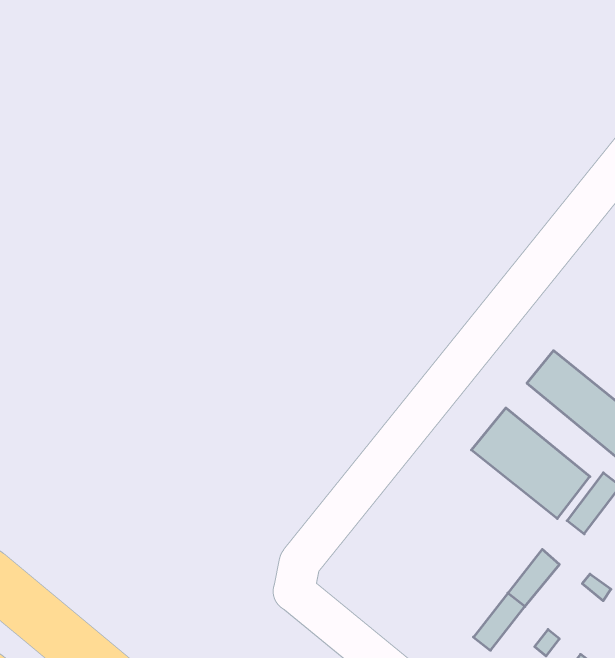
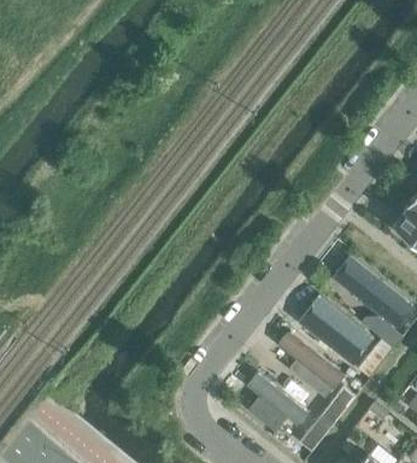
building: none -> [281,336,343,402]
building: none -> [249,379,307,433]

